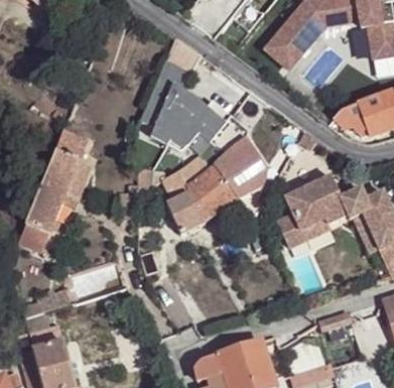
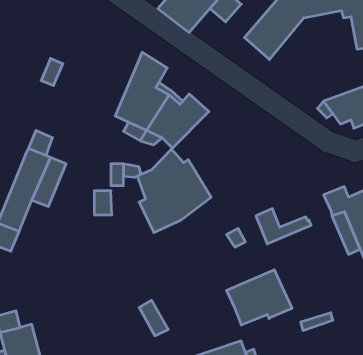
building: [193,119,266,202] -> none
building: [284,177,348,231] -> [226,270,292,325]

